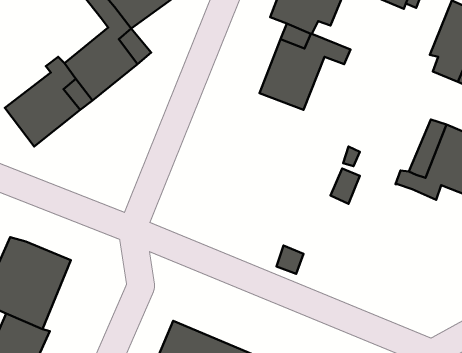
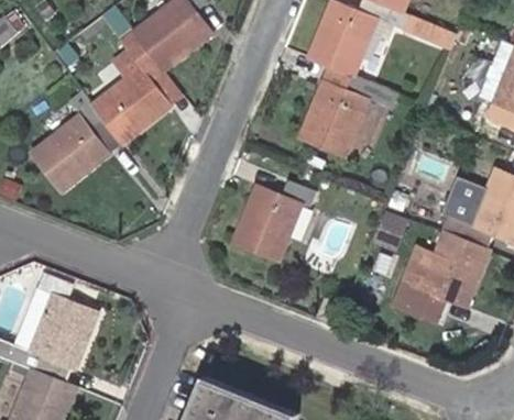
building: none -> [234,180,317,261]
building: none -> [398,233,490,313]

